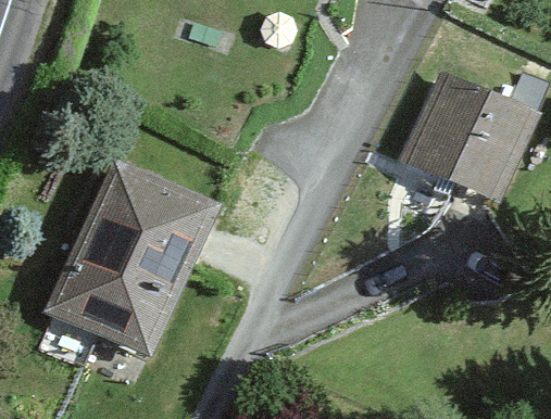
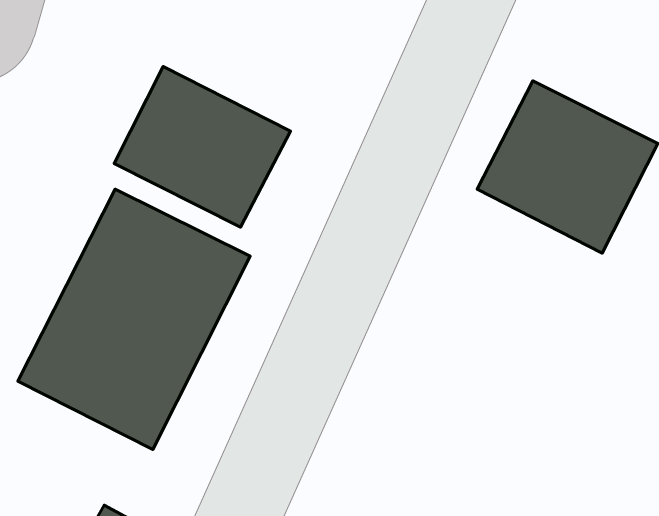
building: none -> [114,67,291,227]

